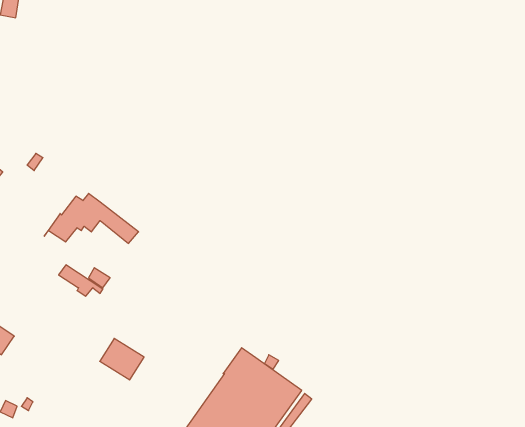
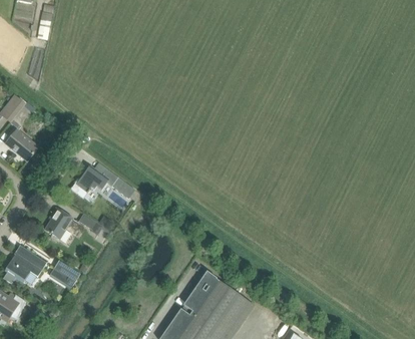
building: none -> [44,210,71,242]
building: [100,338,144,380] -> [48,261,79,290]

